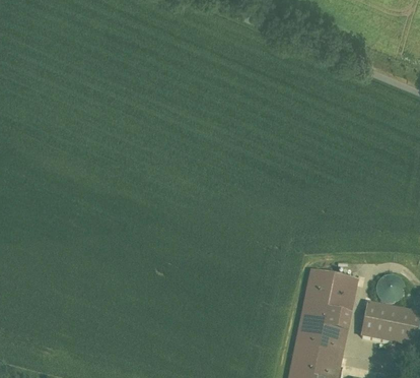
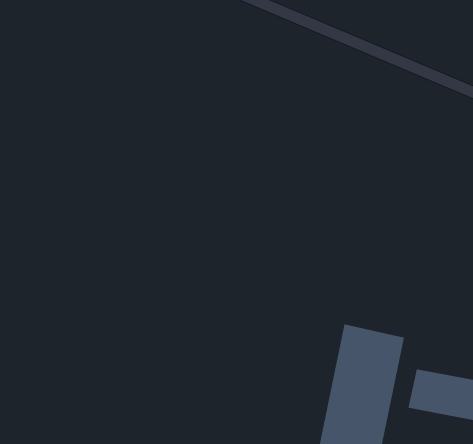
building: [376,274,405,303] -> none

